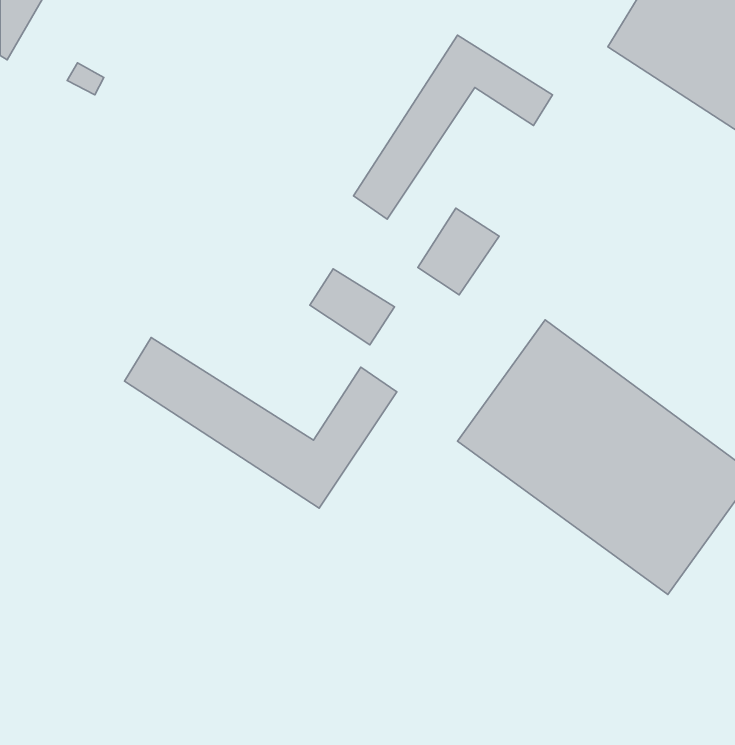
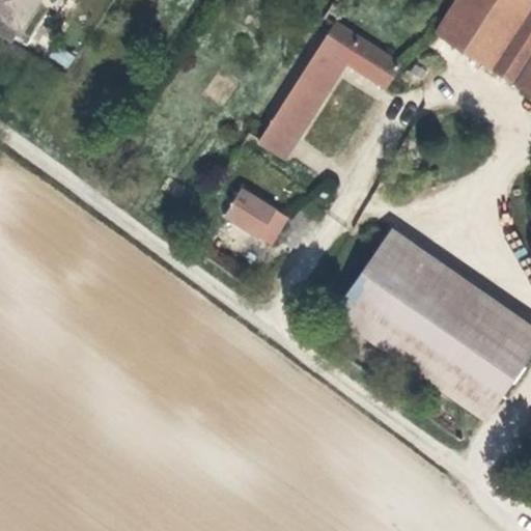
building: [418,208,499,295] -> none
building: [125,337,397,508] -> none

